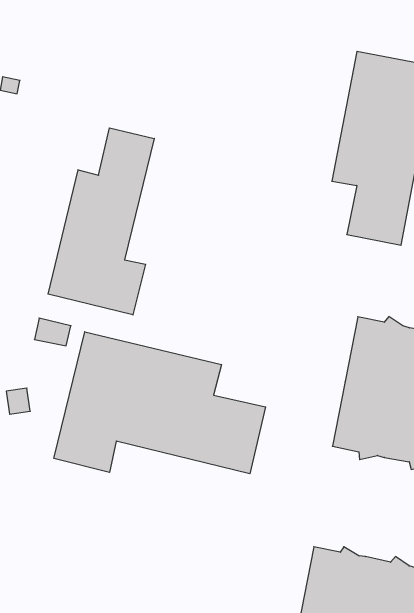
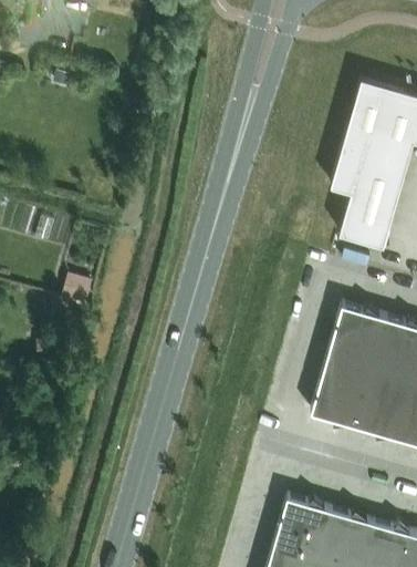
building: [48,128,154,315] -> none
building: [54,332,266,474] -> none

